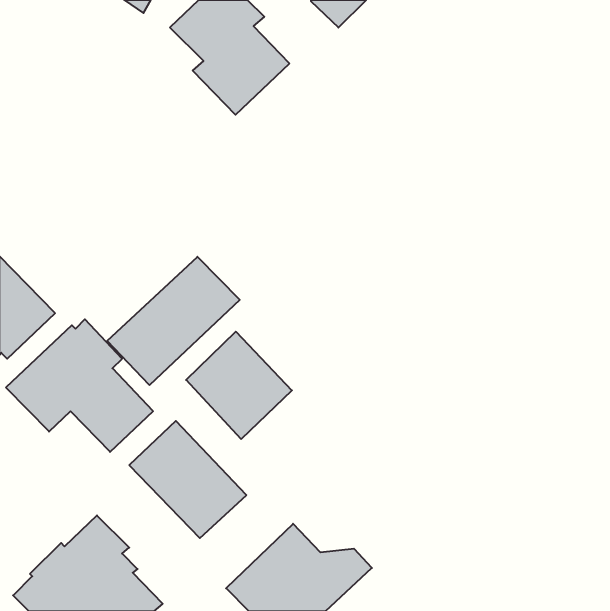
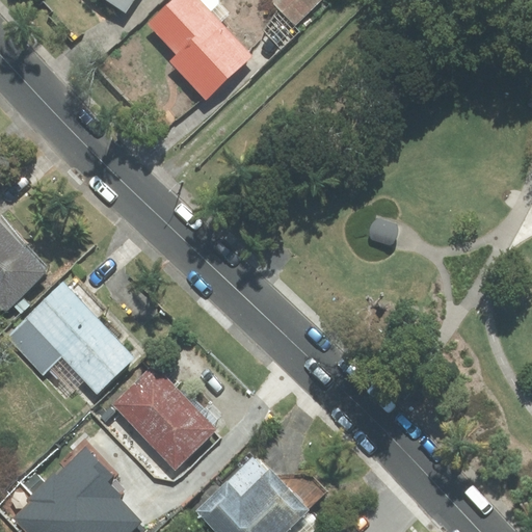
building: [107,257,240,385] -> none
building: [186,332,292,439] -> none

